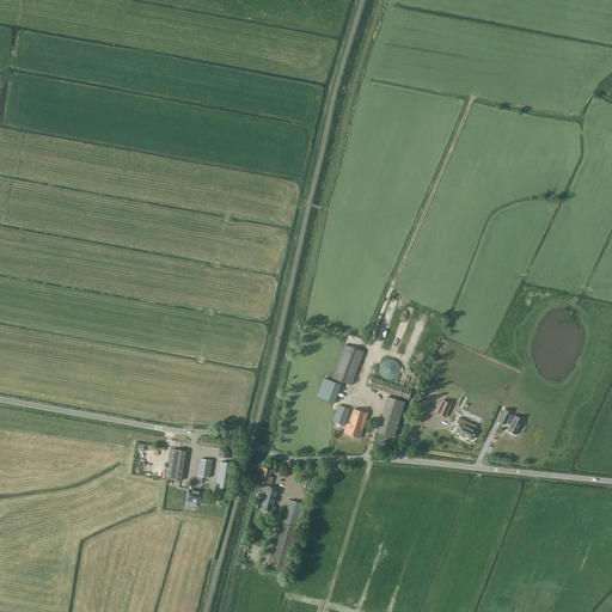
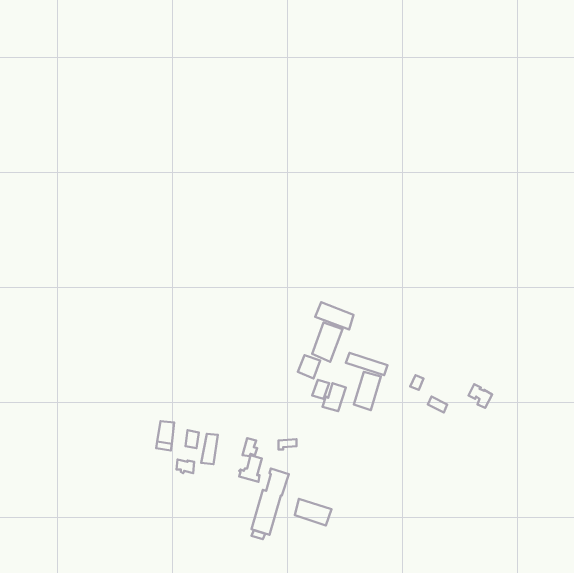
building: none -> [315,302,354,330]
building: none -> [295,499,331,526]

